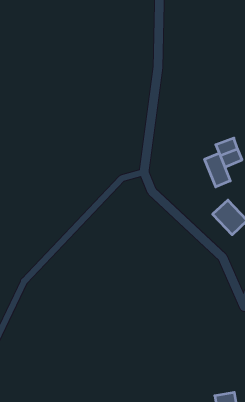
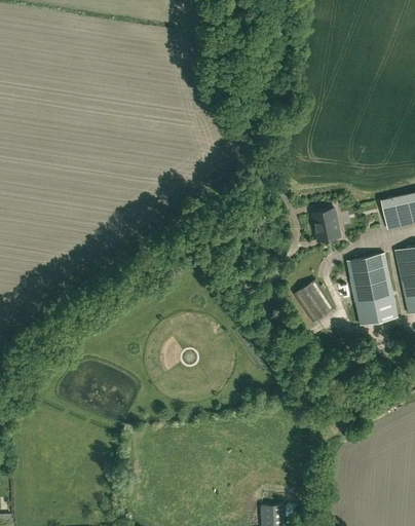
building: [205,153,230,187] -> none

